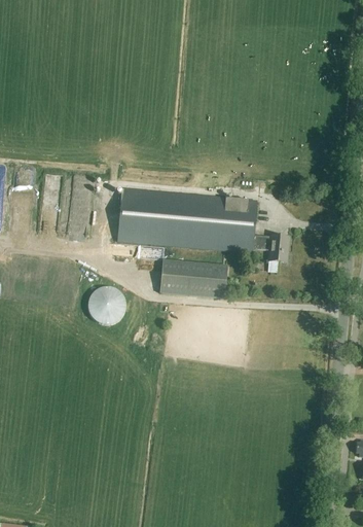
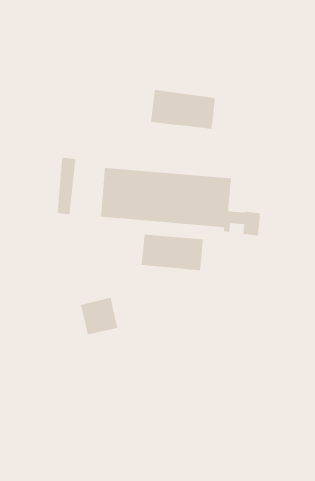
building: none -> [150,89,216,129]
building: [86,283,126,323] -> [80,297,118,335]

